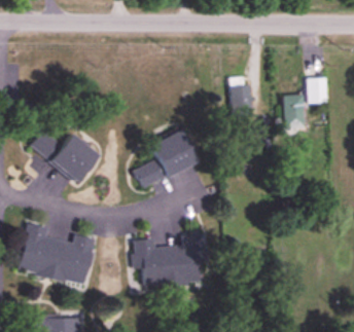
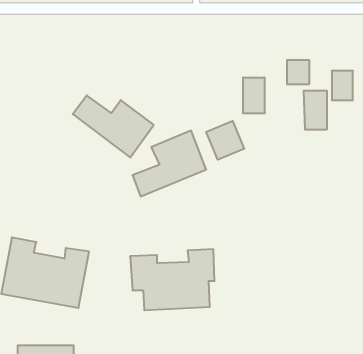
building: none -> [287,60,309,84]
building: none -> [206,121,244,160]
building: [30,128,101,183] -> [73,95,154,158]

